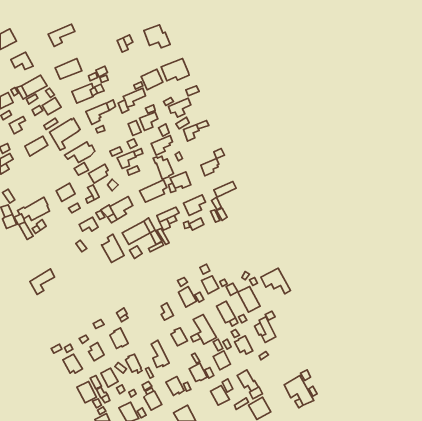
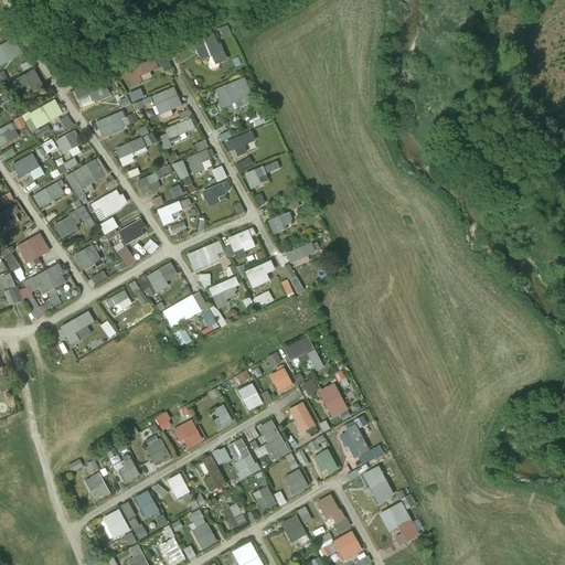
building: [48,24,75,47] -> [124,58,159,88]
building: [141,69,163,90] -> [152,87,181,115]
building: none -> [137,164,173,194]
building: none -> [54,206,95,238]
building: [153,156,174,179] -> none
building: none -> [17,233,50,264]
building: [102,234,124,262] -> none
building: [261,268,291,294] -> [284,337,323,371]
building: [30,269,55,295] -> [61,311,94,345]
building: none -> [173,419,202,447]
building: none -> [362,467,394,503]

